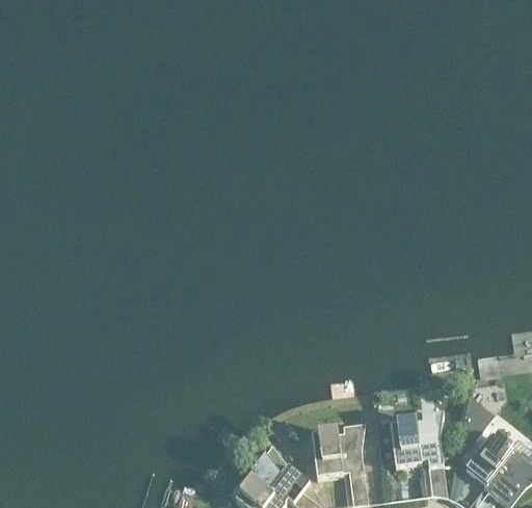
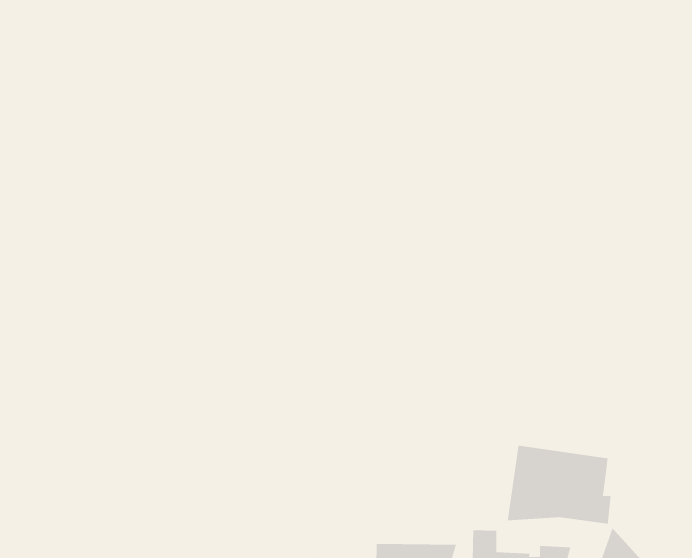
building: none -> [507,445,611,524]

